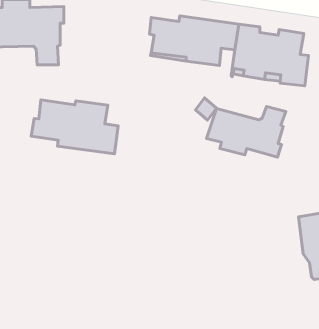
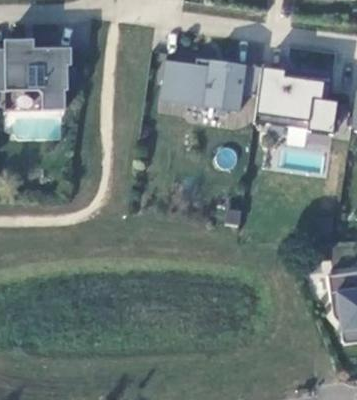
building: [31,100,118,154] -> none
building: [206,107,286,157] -> none

